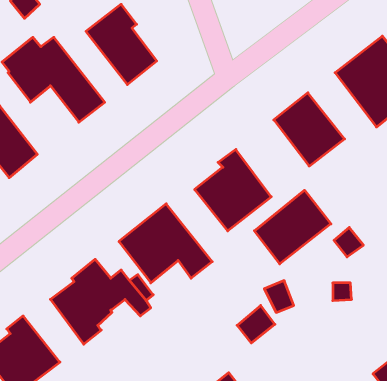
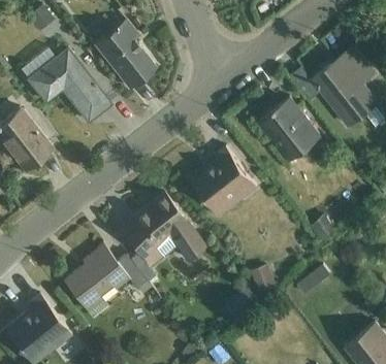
building: [254,190,331,264] -> none

